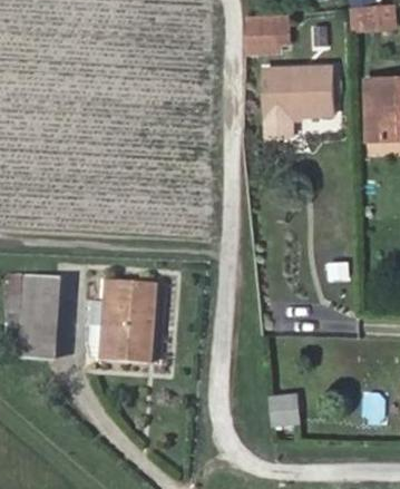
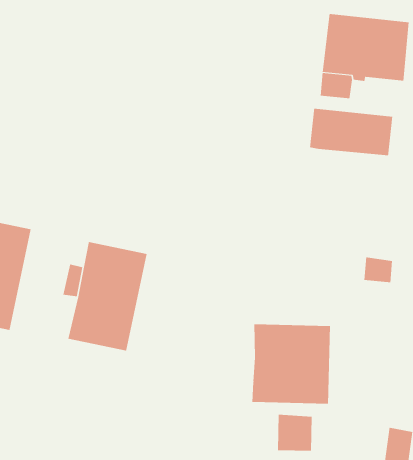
building: none -> [310,108,393,156]
building: none -> [252,324,330,405]

